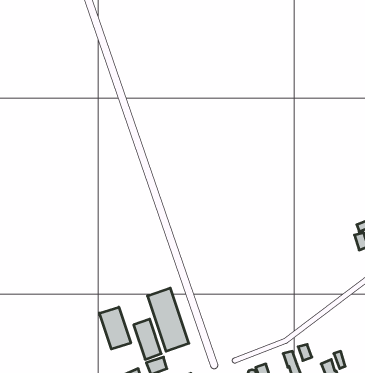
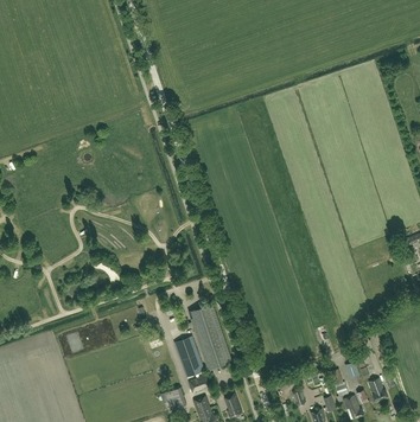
building: [99,307,131,349] -> none

